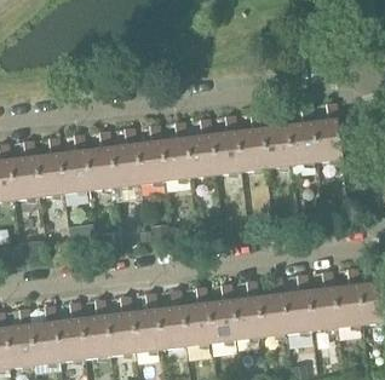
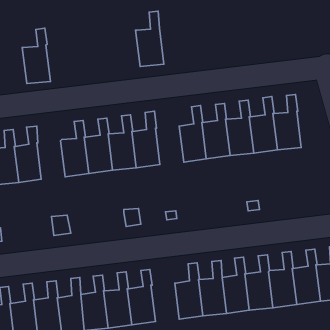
building: [189,117,219,177] -> [136,11,164,66]
building: [62,133,92,192] -> [22,28,50,84]
building: [184,286,214,345] -> none

